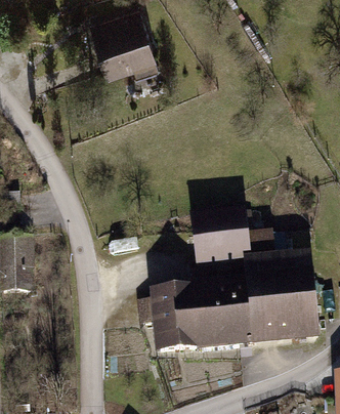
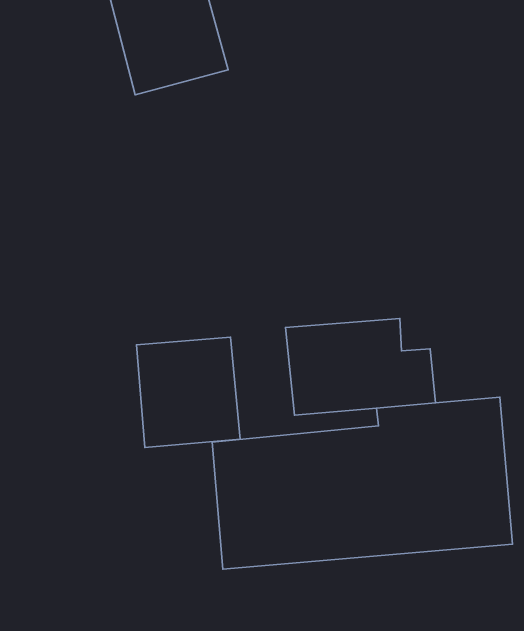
building: none -> [137,337,240,448]

